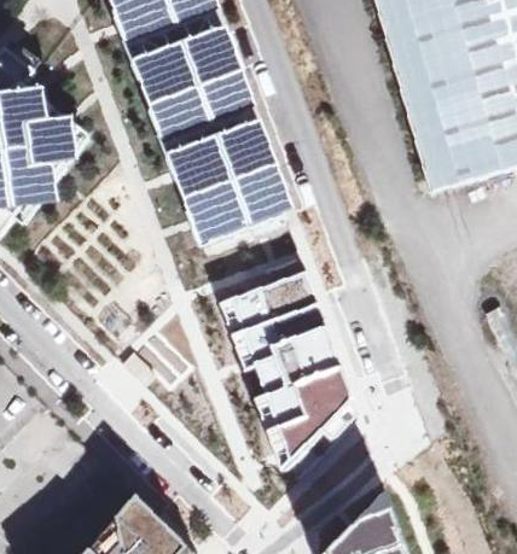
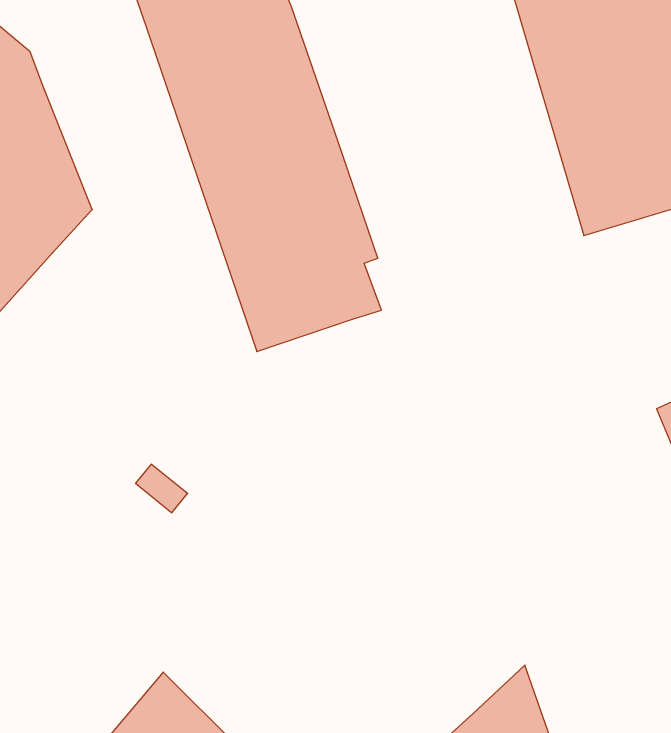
building: [220,269,353,470] -> none

